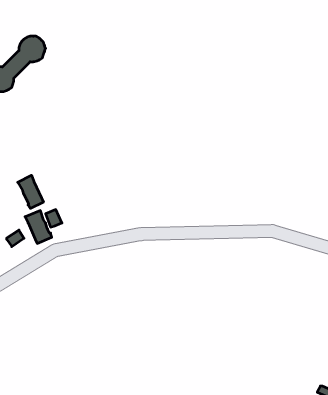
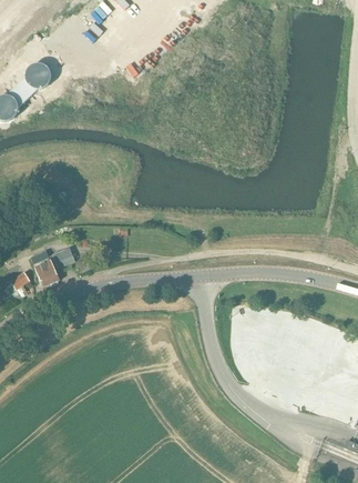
building: [18,175,43,208] -> none

